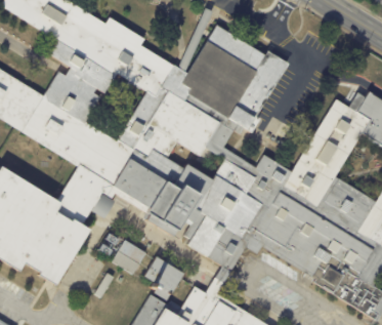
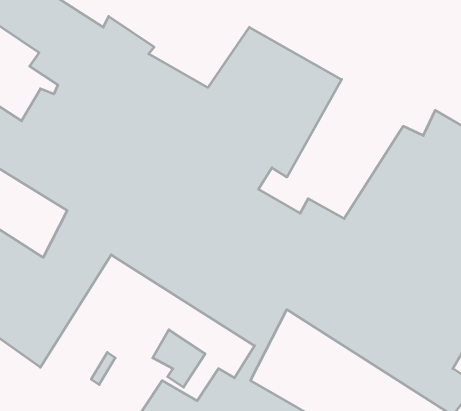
building: [110,242,144,275] -> none

